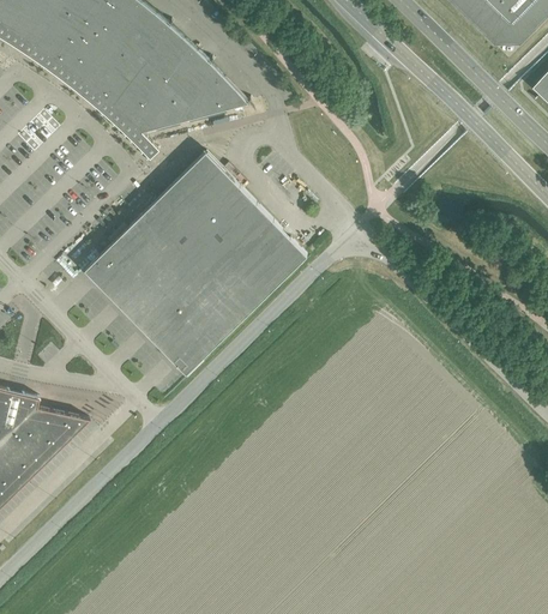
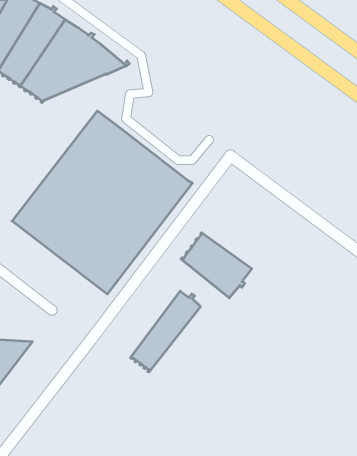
building: none -> [181,233,252,298]
building: none -> [131,291,200,372]

